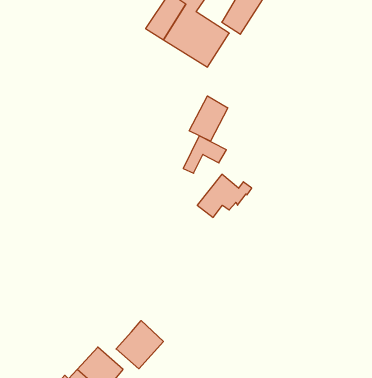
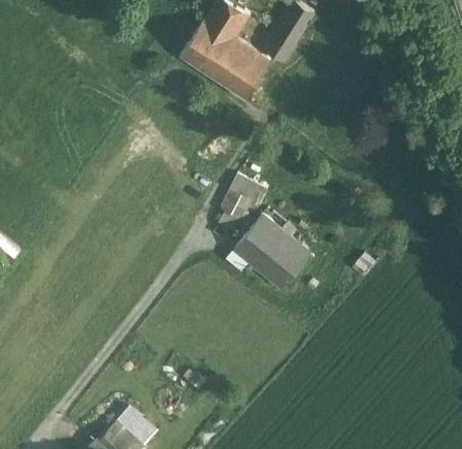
building: [189,96,228,141] -> none
building: none -> [253,238,309,288]
building: [116,321,163,369] -> none

